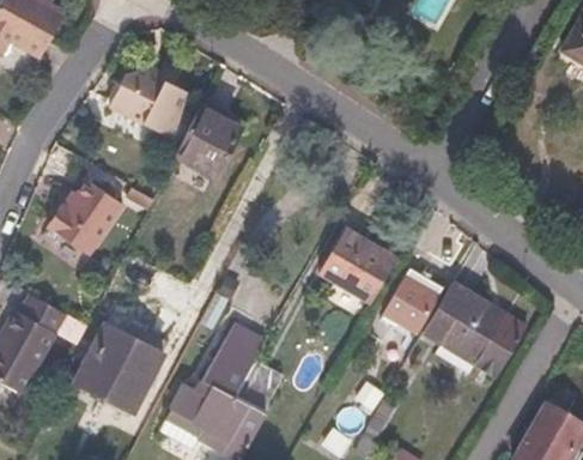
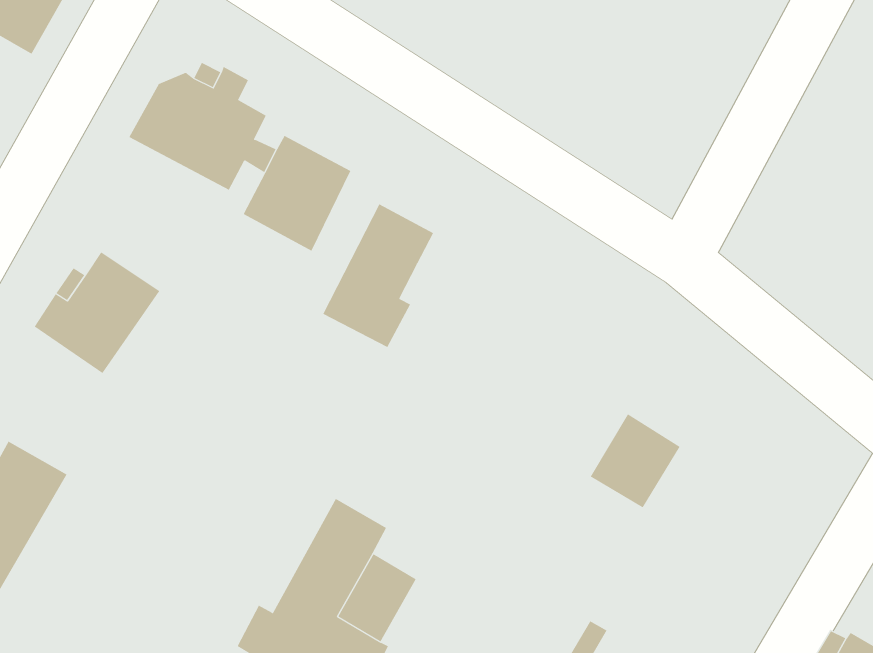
building: none -> [322,203,434,348]
building: [316,231,393,305] -> none
building: [424,283,530,379] -> none
building: [73,323,159,412] -> none

